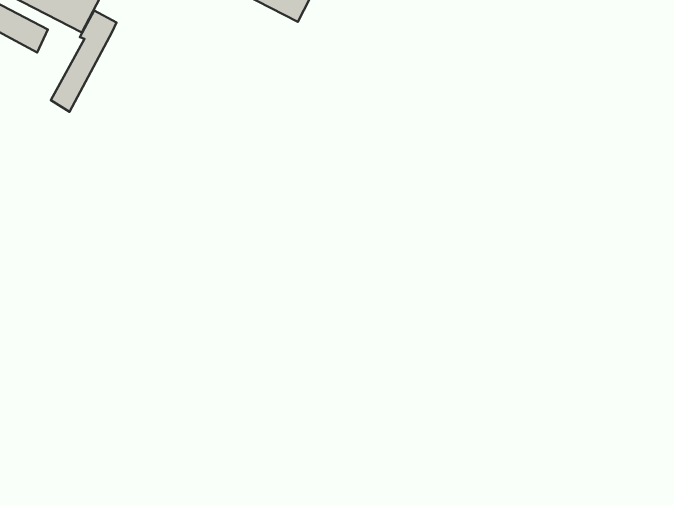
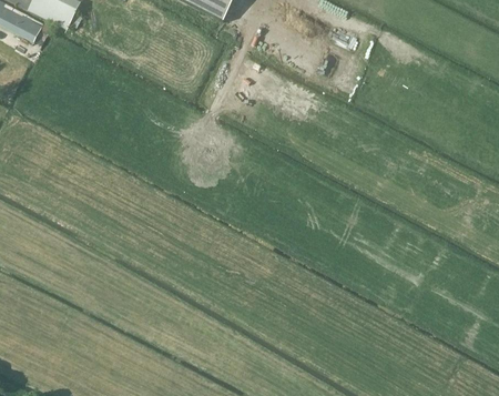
building: [51,10,117,112] -> none

